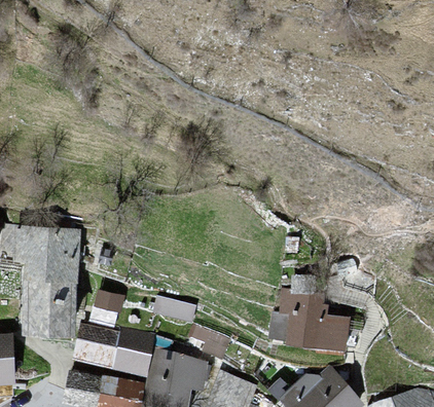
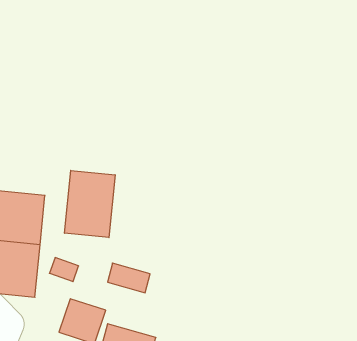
building: none -> [65,170,115,238]
building: [268,299,347,350] -> none
building: [73,326,116,369] -> none

